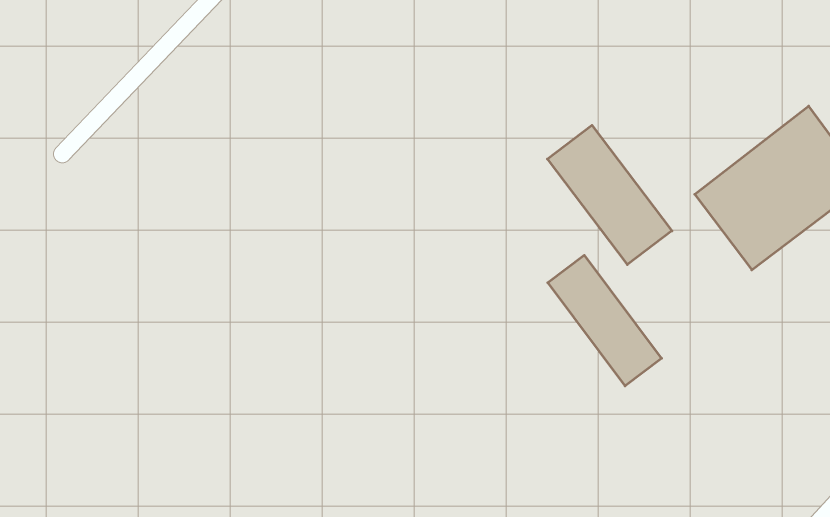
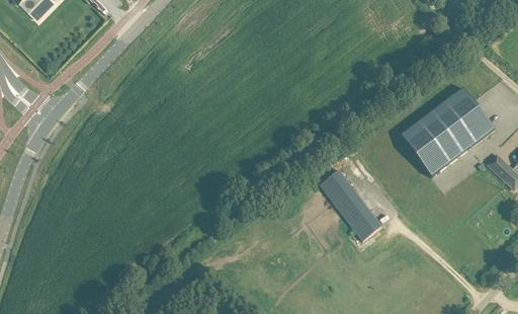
building: [547,125,672,265] -> none

